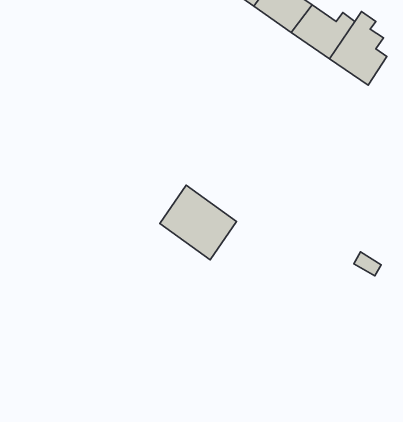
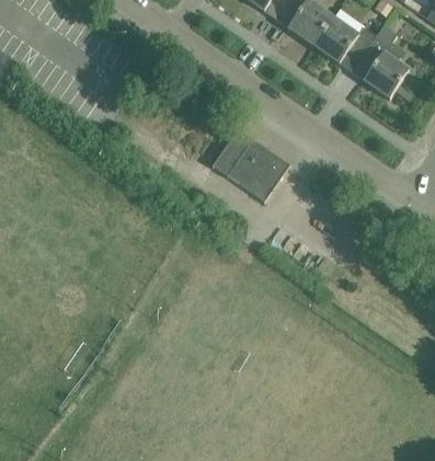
building: [160,185,237,260] -> [213,127,289,201]

